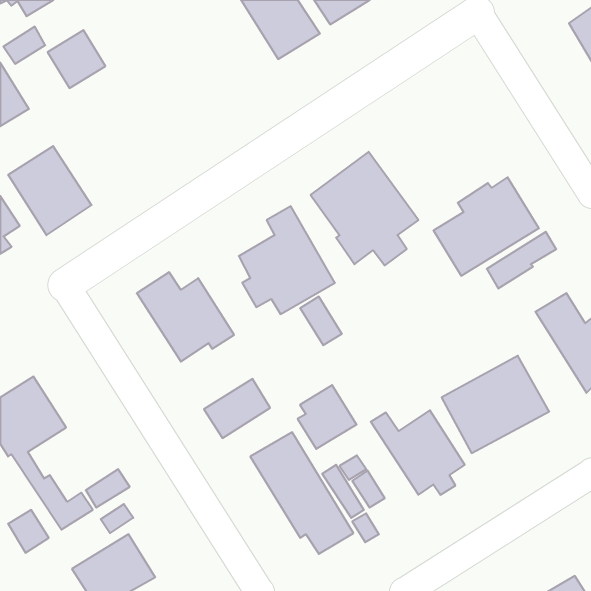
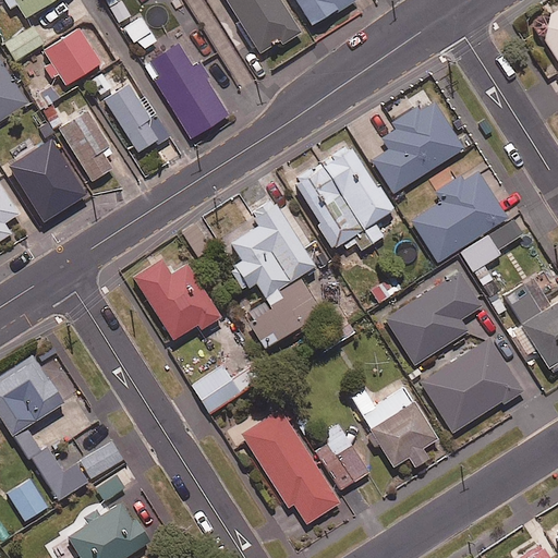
building: none -> [150,43,229,138]
building: none -> [104,84,171,154]
building: none -> [368,98,462,191]
building: none -> [59,110,113,181]
building: none -> [383,271,483,366]
building: [298,385,357,449] -> [247,291,303,351]

